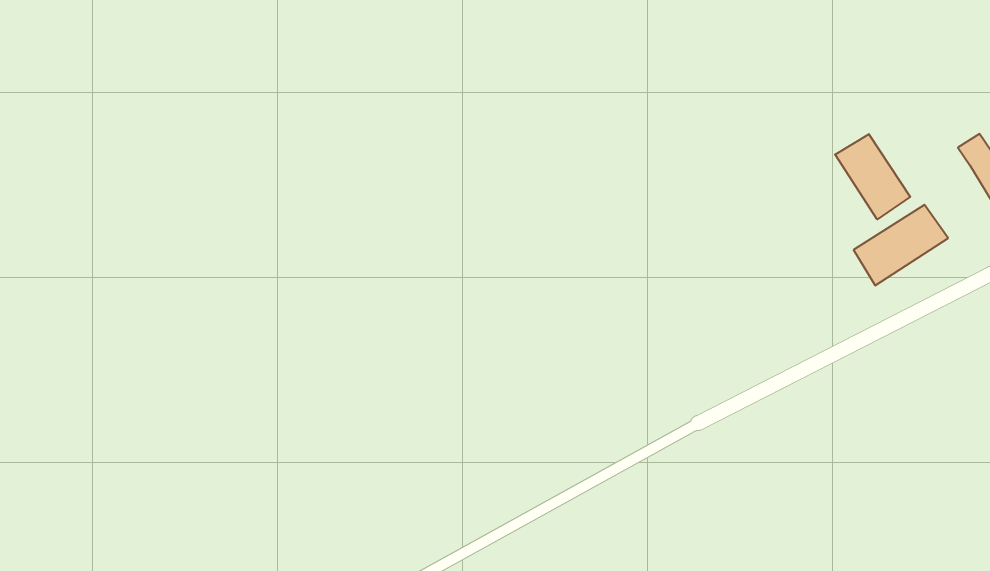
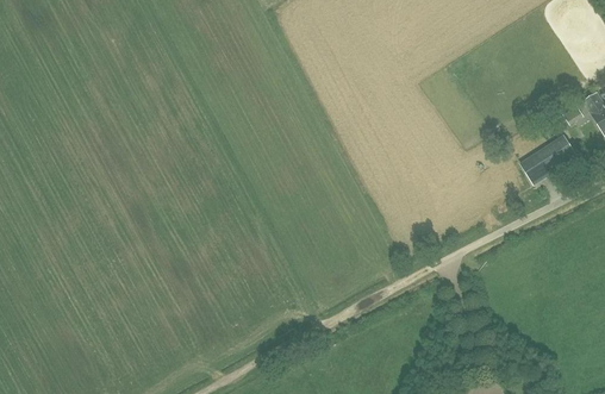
building: [835,134,910,219] -> none

